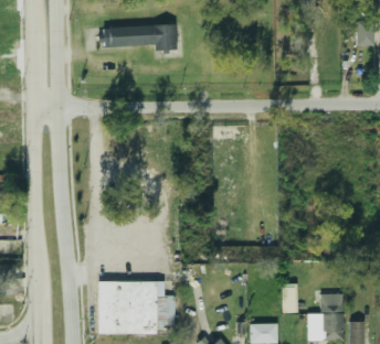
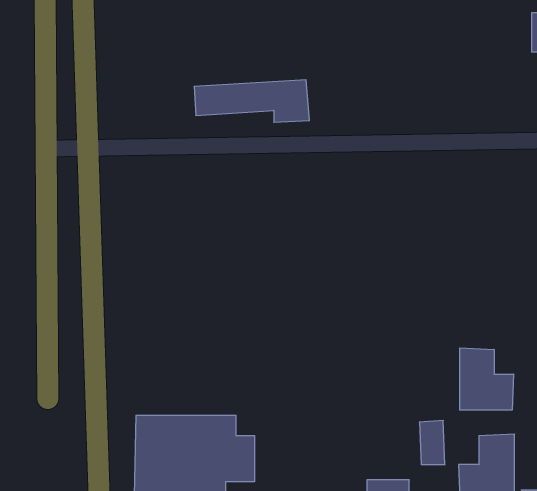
building: [103,23,178,51] -> [194,80,309,122]
building: none -> [460,348,514,410]

